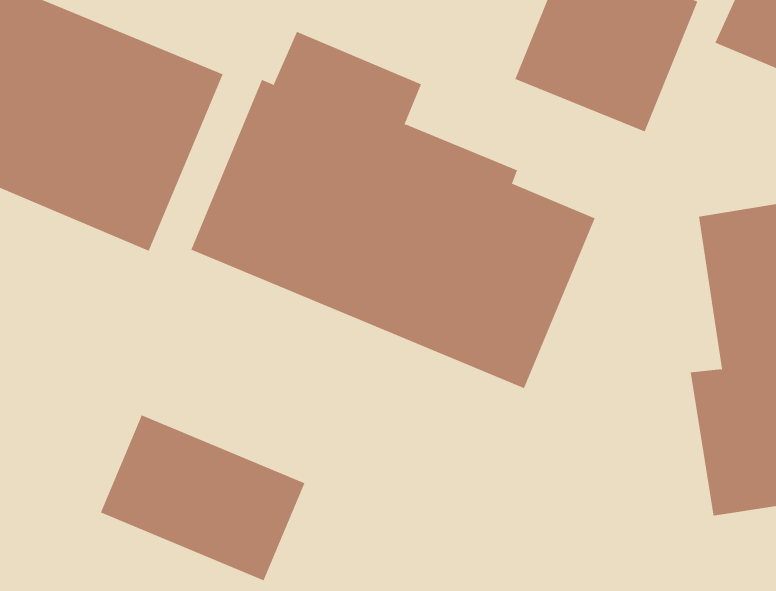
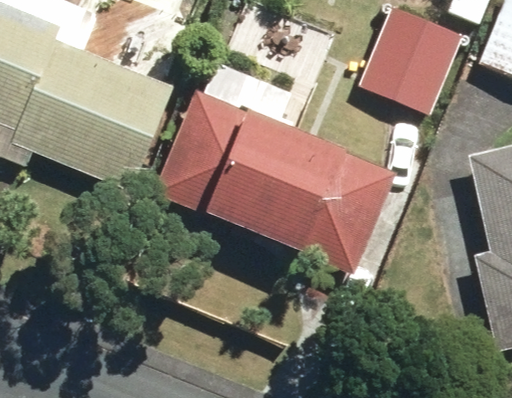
building: [100,414,305,581] -> none

